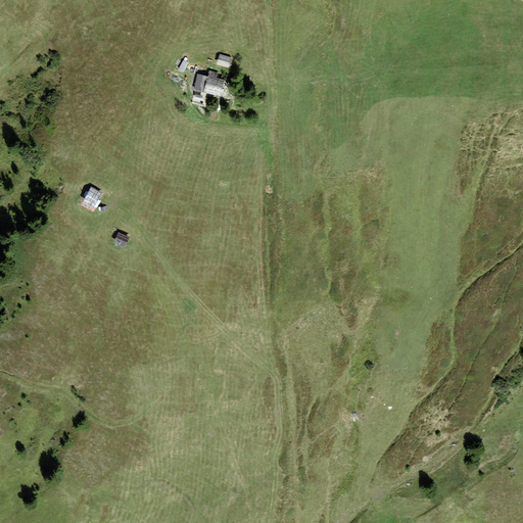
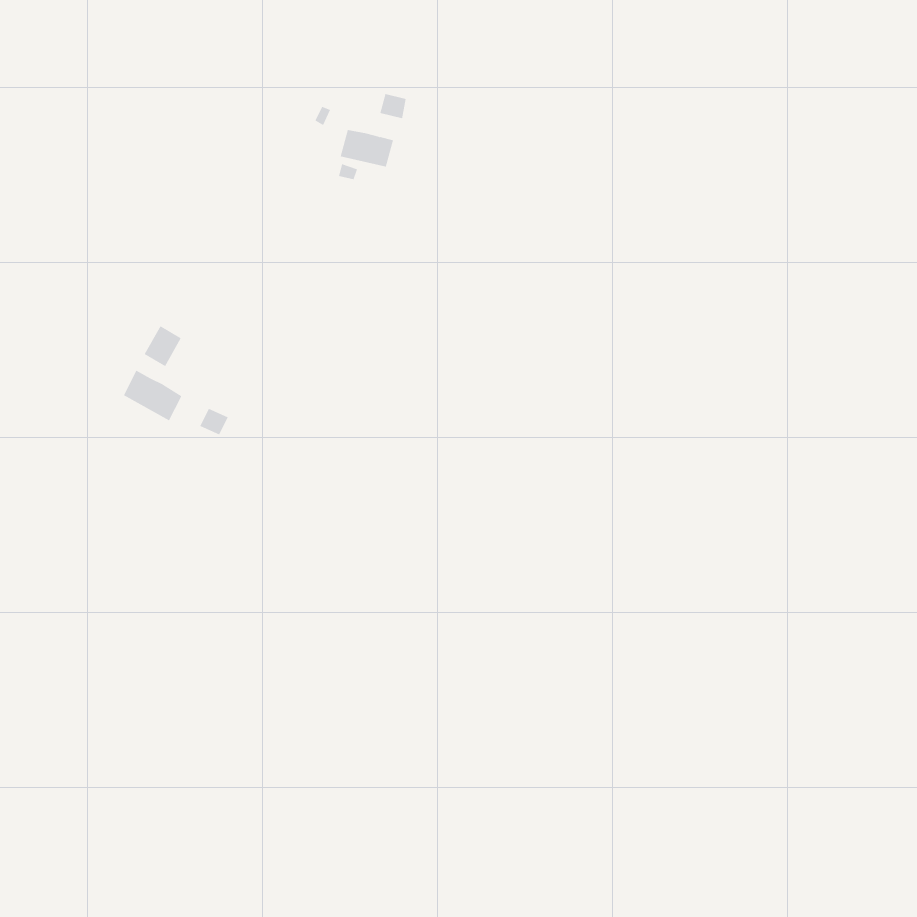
building: none -> [123,370,182,421]

